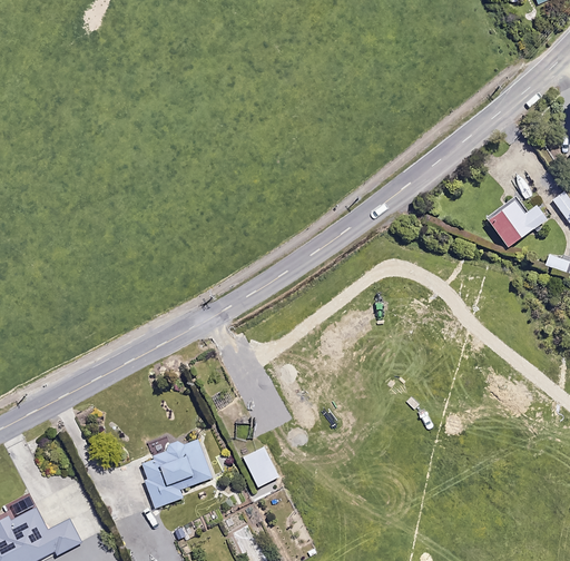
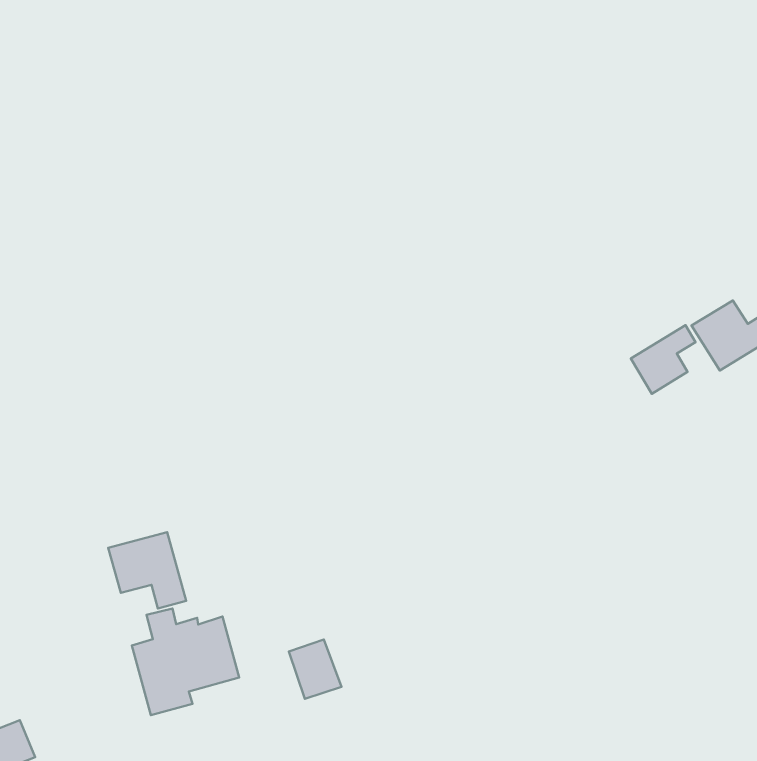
building: none -> [631,325,696,394]
building: none -> [108,532,186,608]

